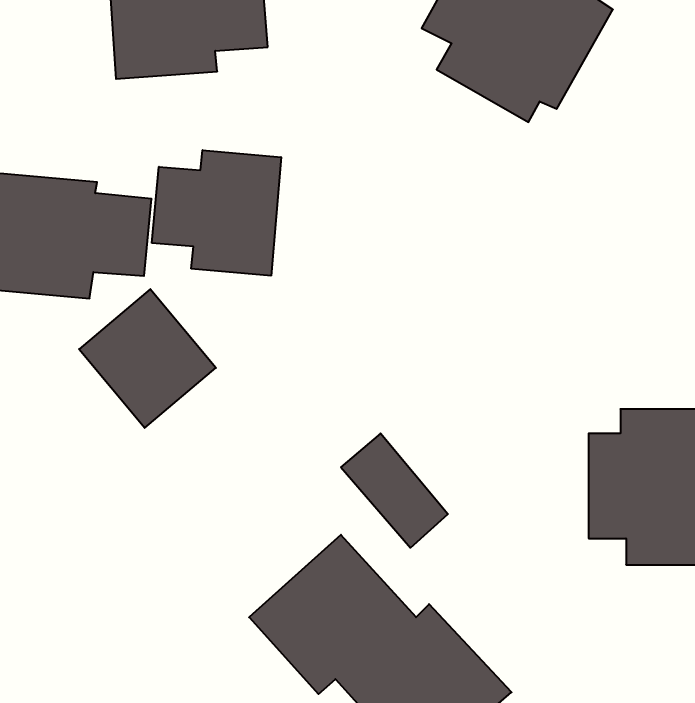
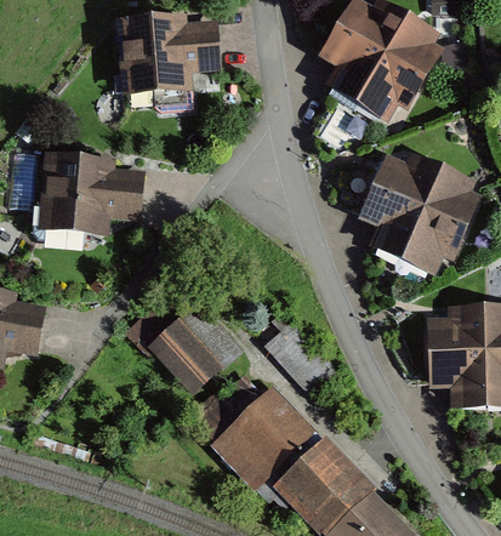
building: [152,150,281,276] -> none
building: none -> [361,154,478,272]
building: [79,289,216,428] -> [147,306,235,395]

